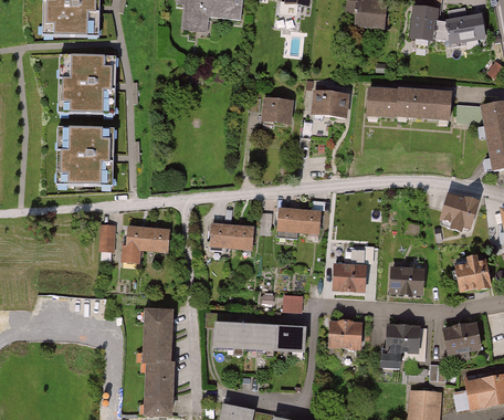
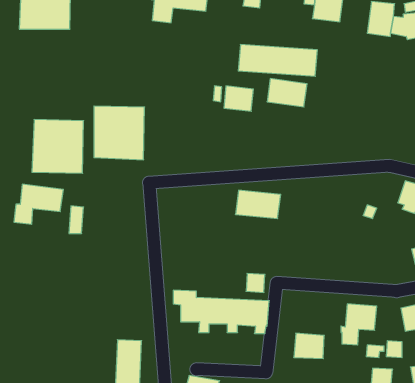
building: [63,57,116,114] -> [94,106,145,160]
building: [369,88,452,122] -> [238,45,317,76]
building: [208,220,252,249] -> none
building: [116,222,168,264] -> [14,184,63,224]
building: [332,262,366,290] -> none
building: [389,266,423,294] -> none
building: [144,308,171,363] -> none
building: [329,321,361,347] -> [294,333,324,359]

